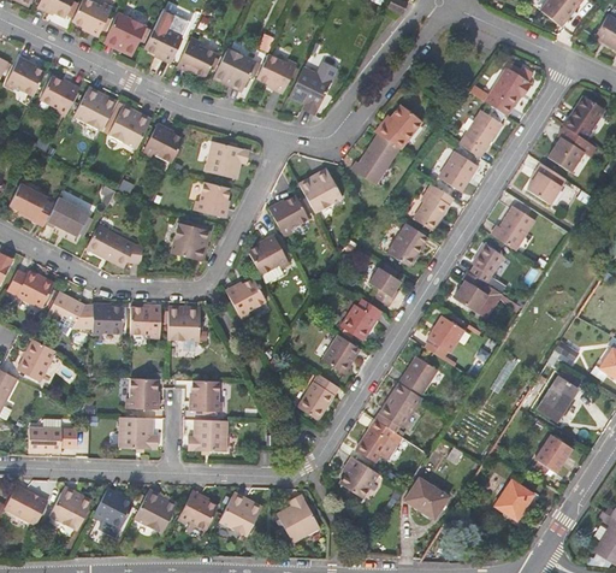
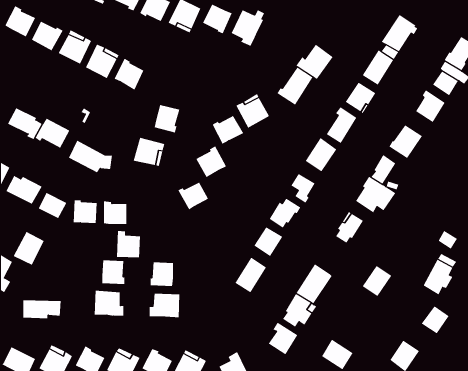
building: [205,143,250,181] -> none
building: [167,303,199,338] -> [116,230,141,258]
building: [398,355,437,395] -> [362,265,392,297]

